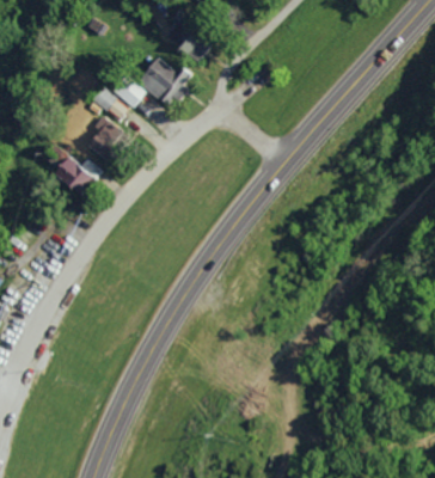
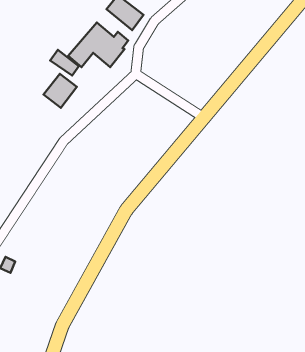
building: [51,154,102,196] -> none

